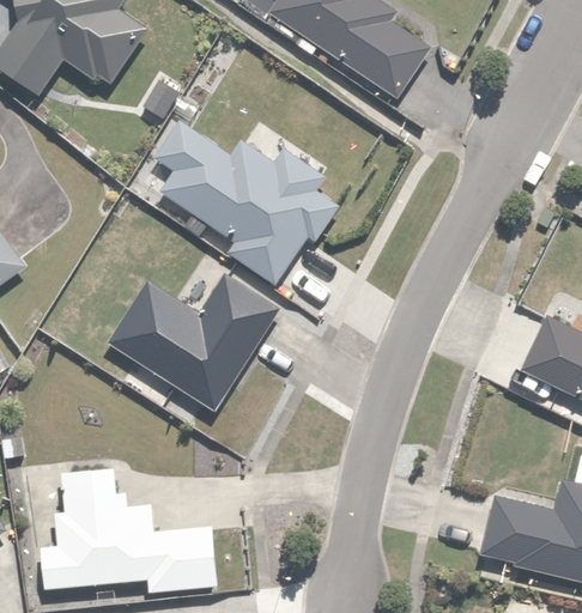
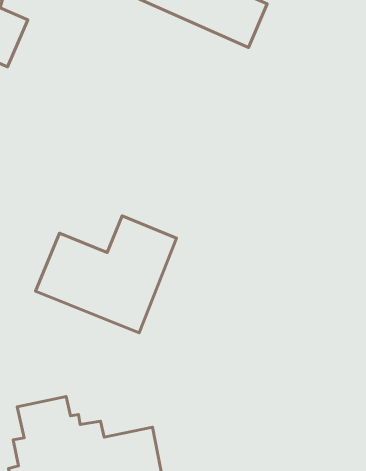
building: [152,119,340,286] -> none

